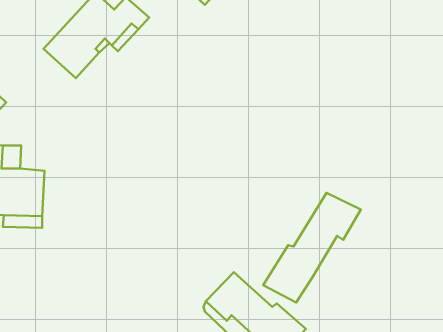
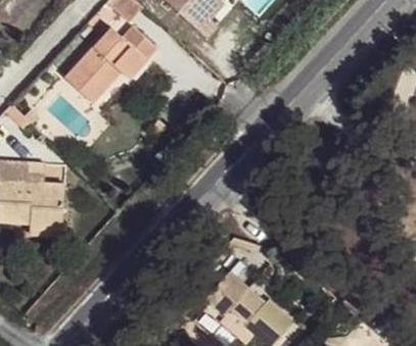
building: [263,193,361,303] -> none

